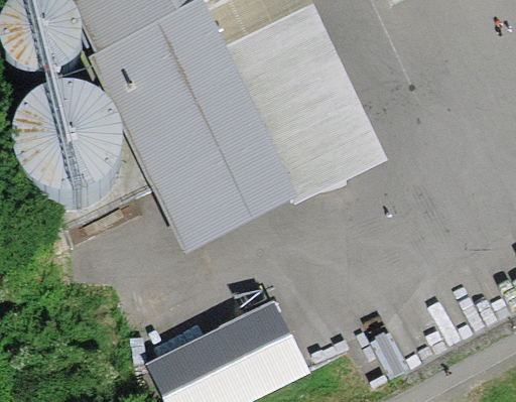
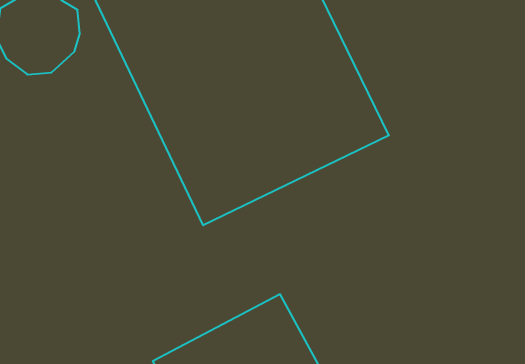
building: [6,96,118,213] -> none

